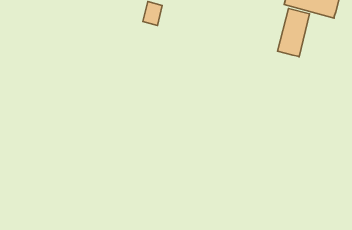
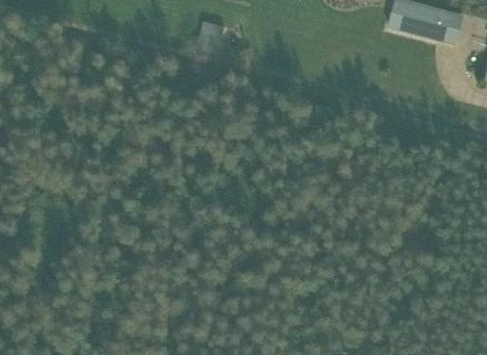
building: [278,9,309,57] -> none

